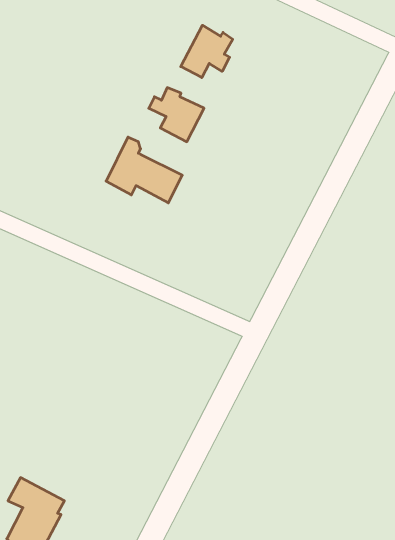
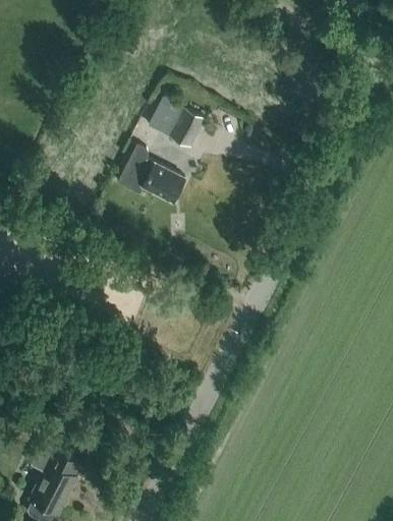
building: [181,25,233,78] -> none

